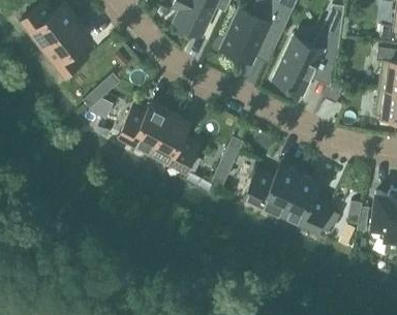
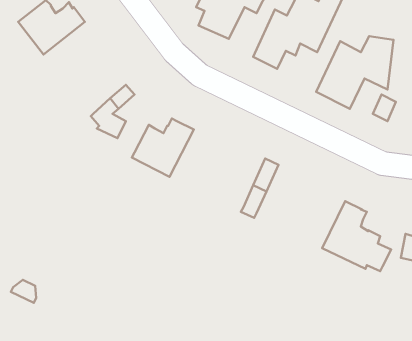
building: [41,21,89,76] -> none
building: [149,113,199,171] -> none
building: [243,165,299,214] -> none

